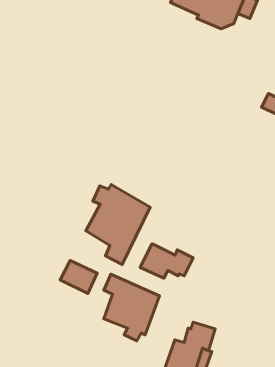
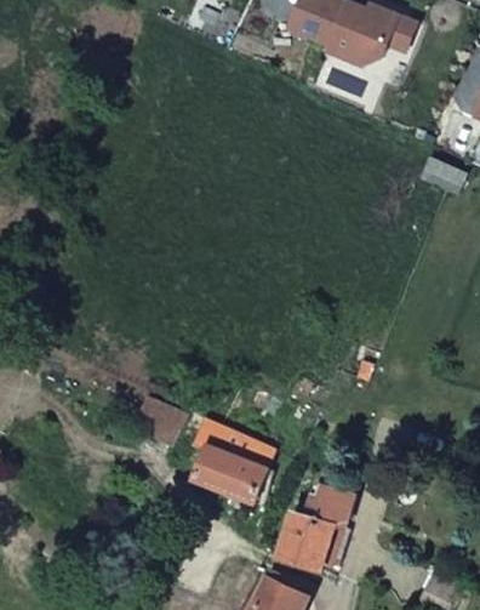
building: [86,184,150,265] -> none
building: [140,244,193,278] -> none

